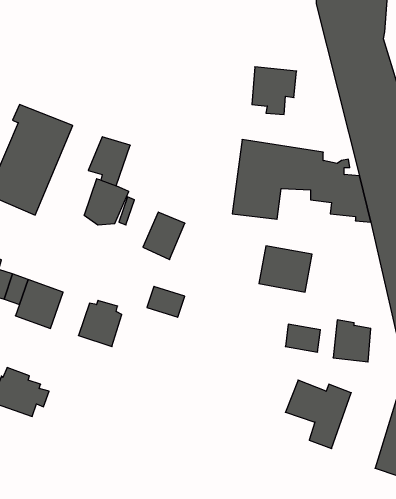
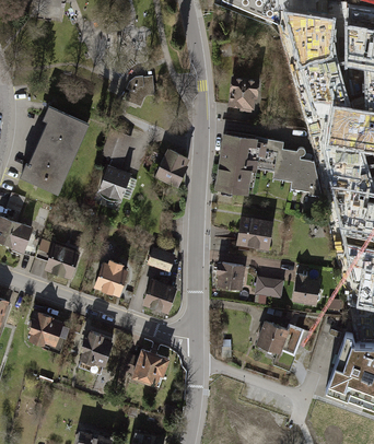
building: none -> [127,77,154,106]
building: [143,212,185,260] -> [155,150,188,187]
building: none -> [217,262,246,290]
building: none -> [142,277,178,312]
building: none -> [79,329,113,375]
building: none -> [132,349,173,385]

